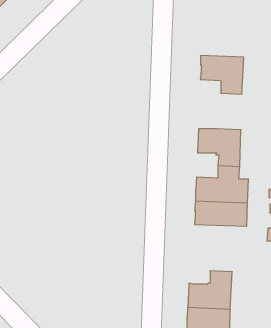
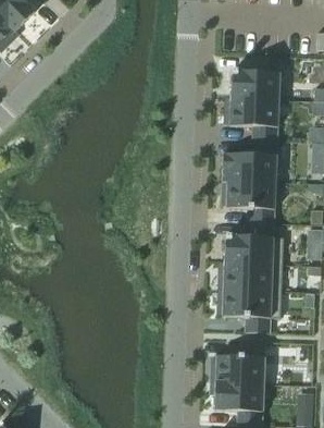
building: none -> [229,57,279,100]
building: none -> [222,140,276,182]
building: none -> [222,289,282,333]

